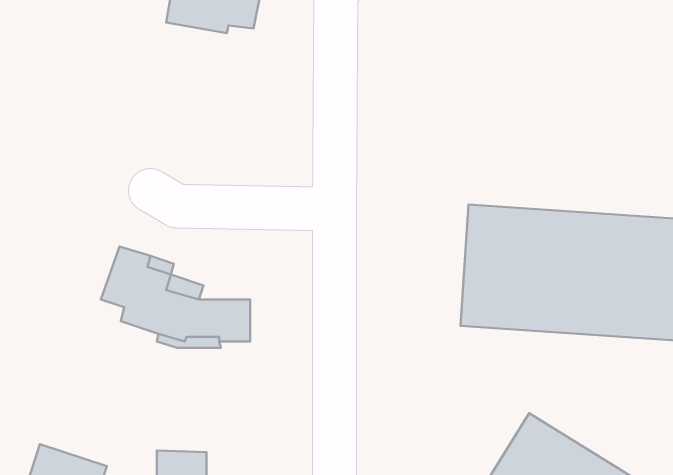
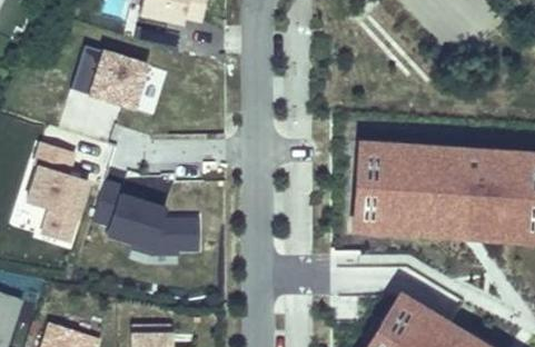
building: none -> [91,49,148,106]
building: none -> [28,138,89,239]

